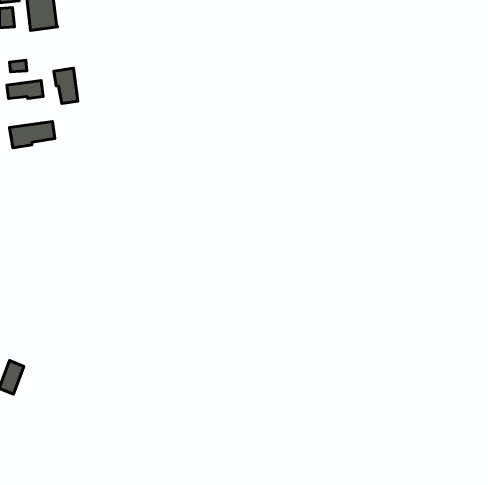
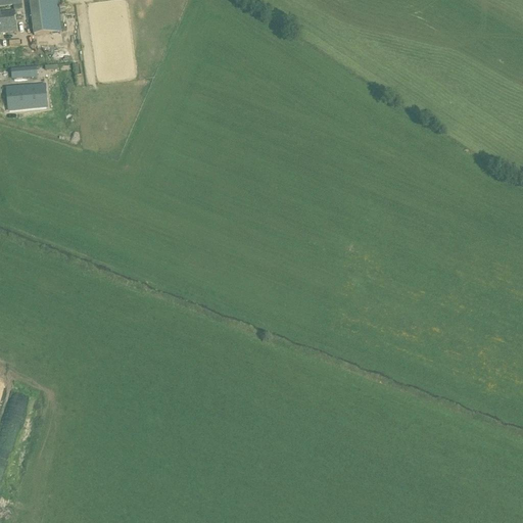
building: [54,68,78,103] -> none
building: [10,121,55,148] -> none

